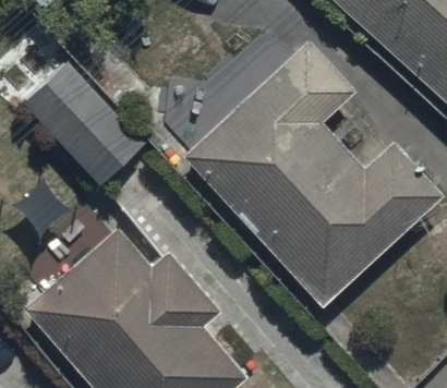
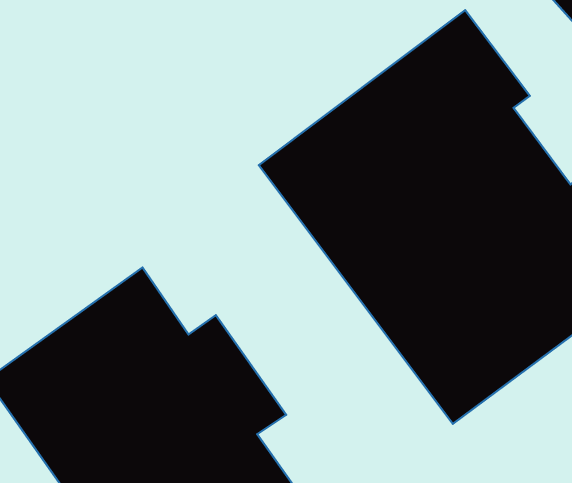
building: [21,64,142,185] -> none

